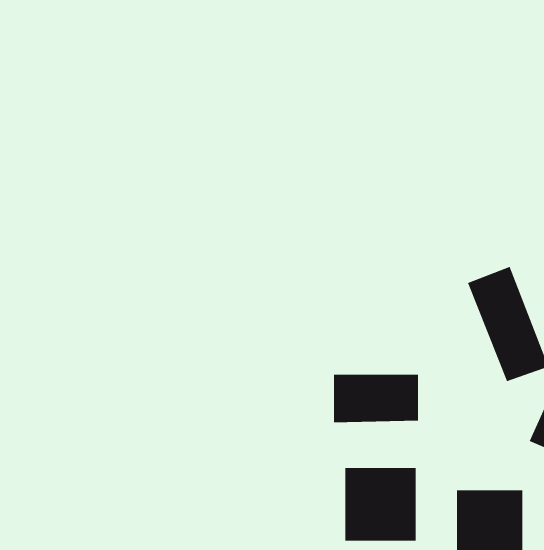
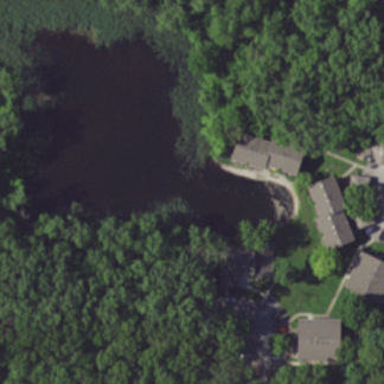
building: none -> [231,130,305,175]
building: [345,467,416,541] -> none

